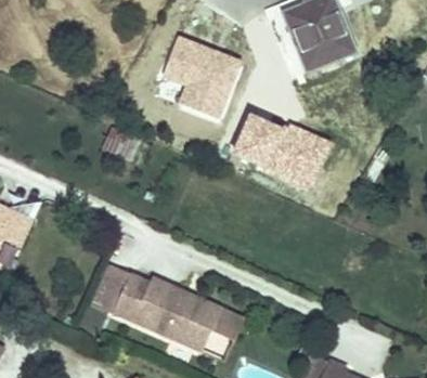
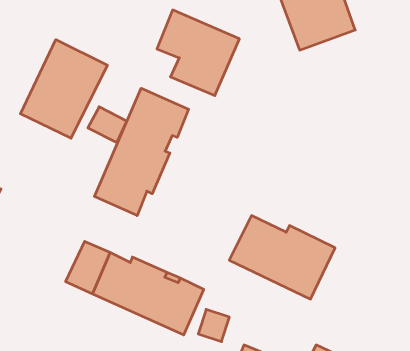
building: none -> [20,40,107,138]
building: [231,109,334,191] -> [229,216,335,299]
building: none -> [94,88,189,216]

